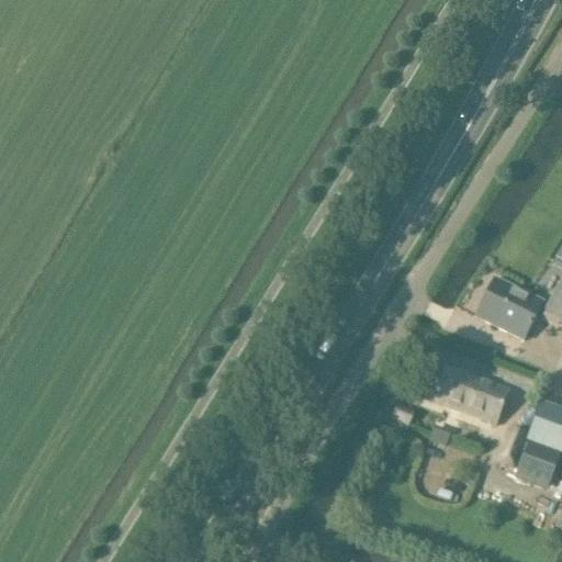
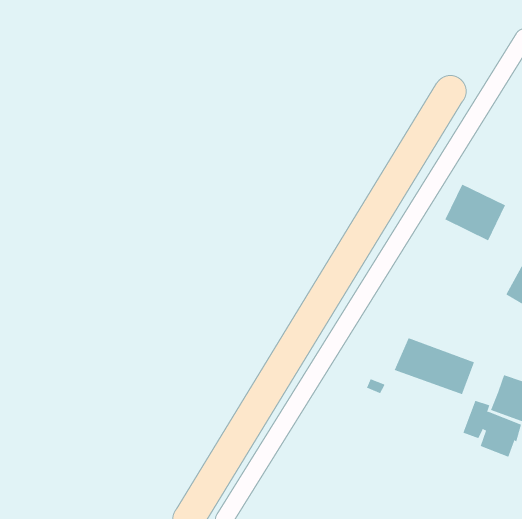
building: [477,277,543,338] -> [444,184,506,241]

